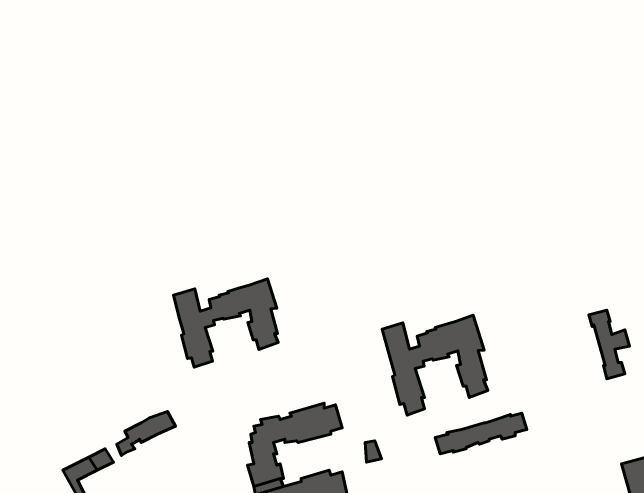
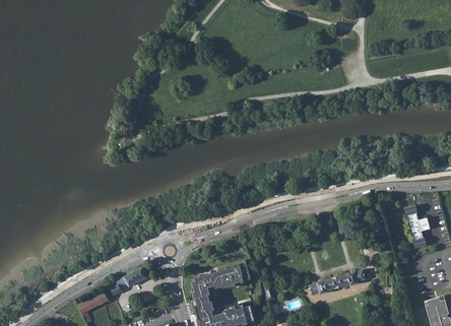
building: [174,279,278,367] -> none
building: [382,315,488,415] -> none

